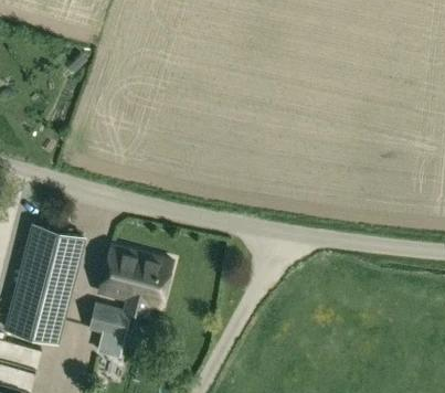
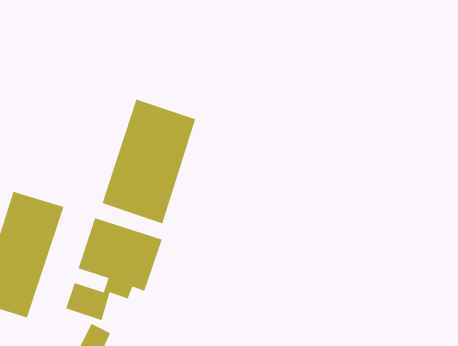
building: none -> [102,99,196,224]

